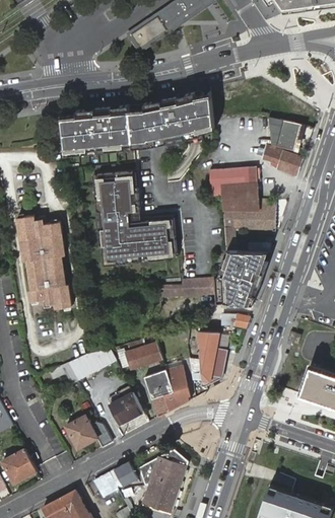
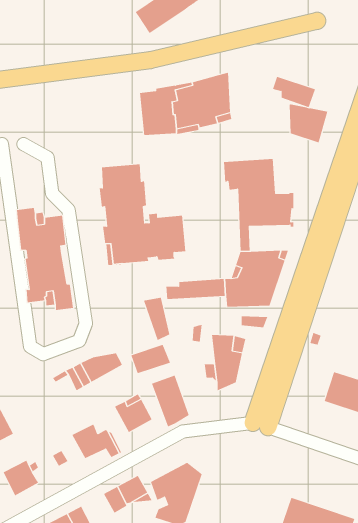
building: [61,107,134,155] -> none
building: [262,148,303,177] -> [272,76,316,108]
building: [163,367,189,408] -> [143,297,170,341]

